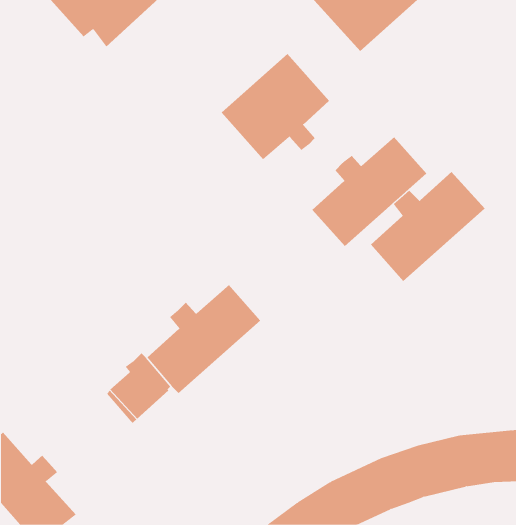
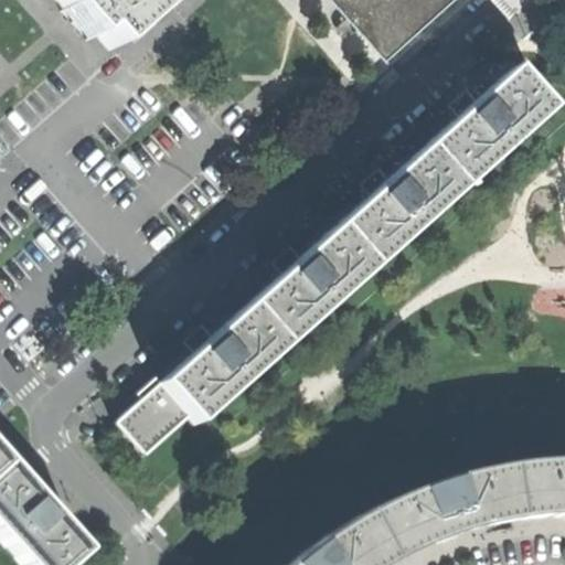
building: [221,53,330,160] -> none
building: [370,171,486,282] -> [434,67,557,185]
building: none -> [257,224,381,342]

